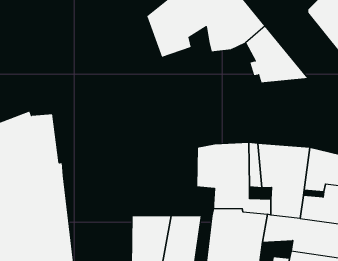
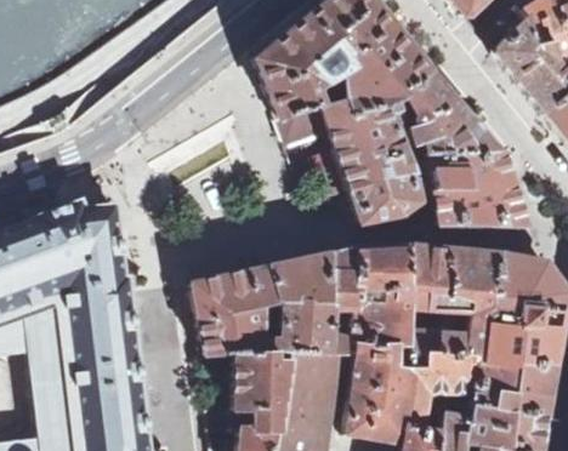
building: none -> [279,98,422,228]
building: none -> [427,150,526,227]
building: none -> [194,253,357,360]

